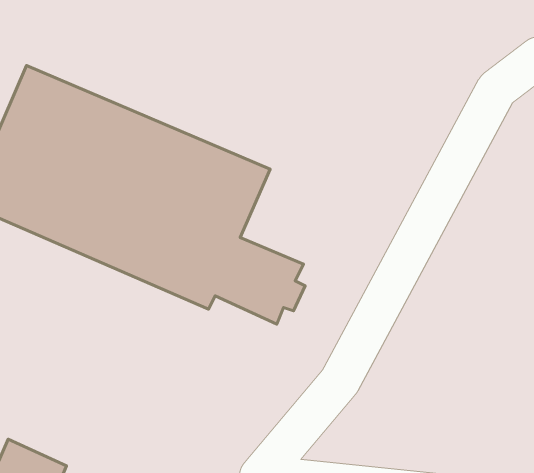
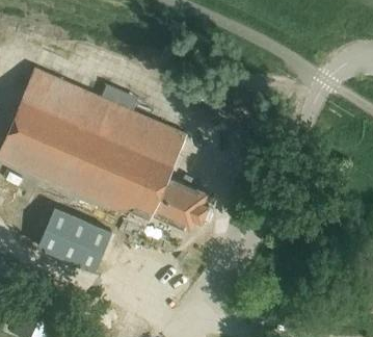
building: none -> [34,207,111,278]

